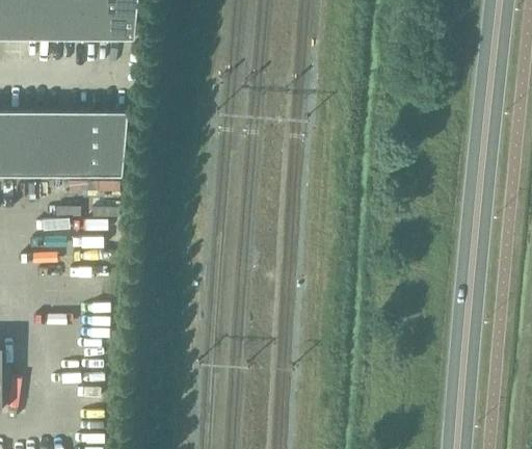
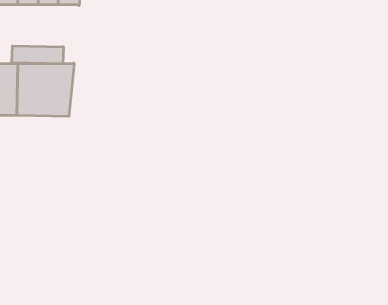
building: none -> [12,46,63,64]

